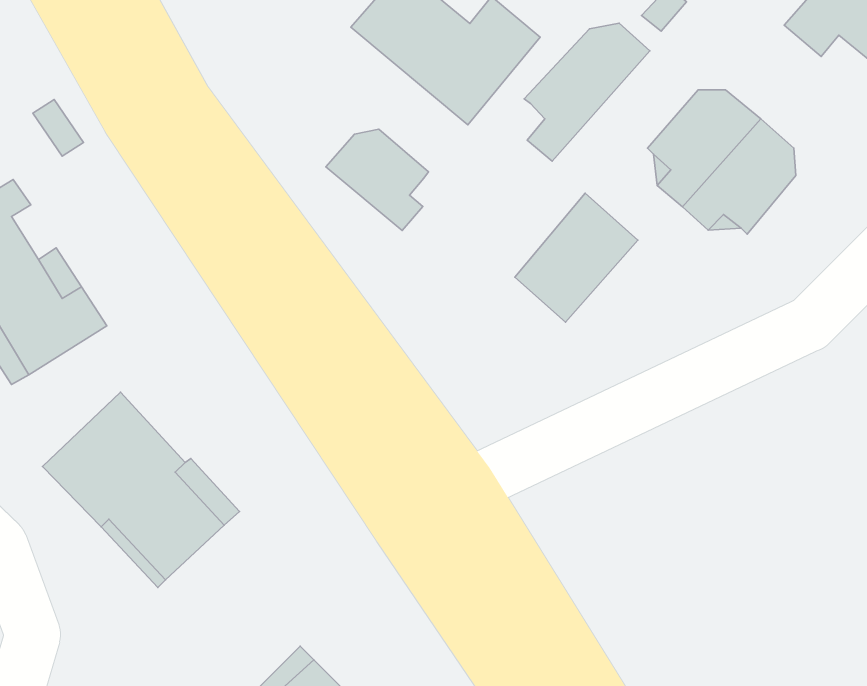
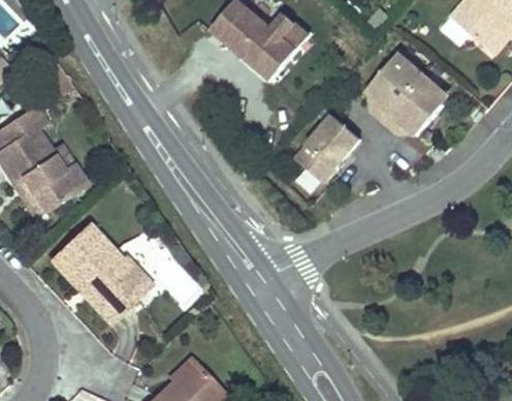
building: [524,23,650,161] -> none
building: [326,129,428,230] -> none

